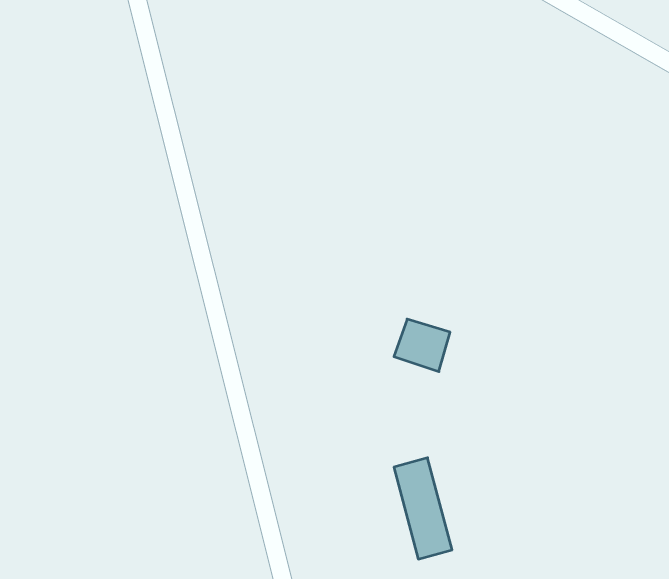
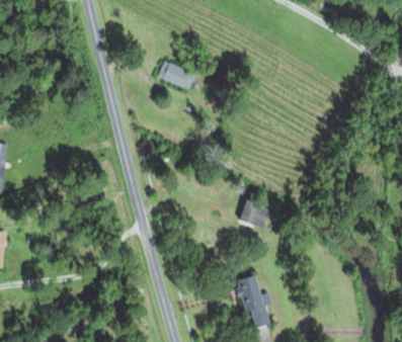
building: none -> [156,61,195,90]

